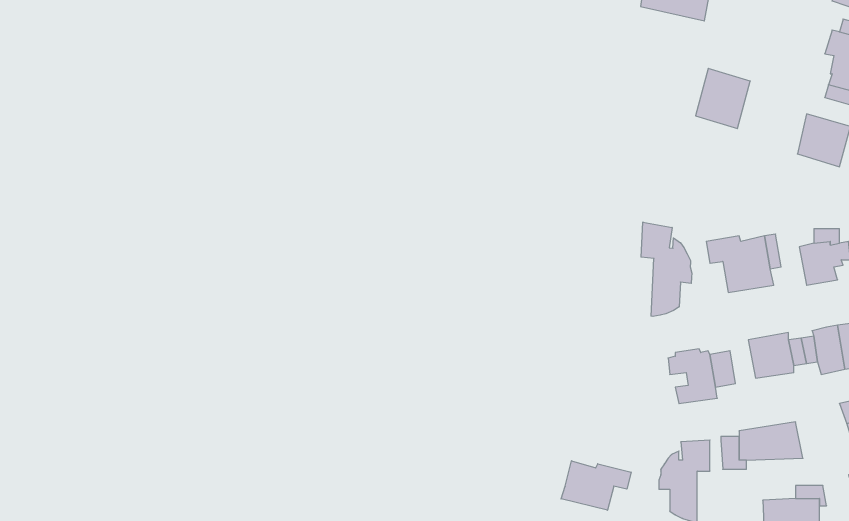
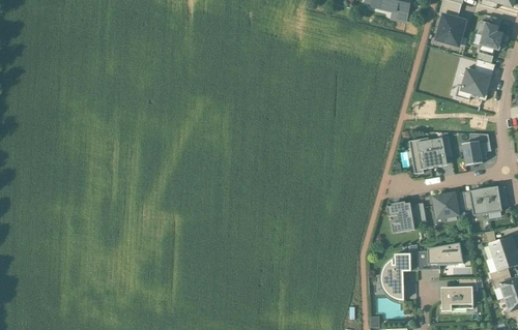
building: [696,68,750,129] -> [434,13,465,48]
building: [641,222,692,316] -> none
building: [561,461,631,510] -> none

